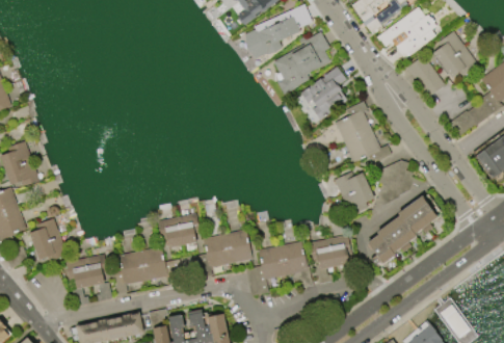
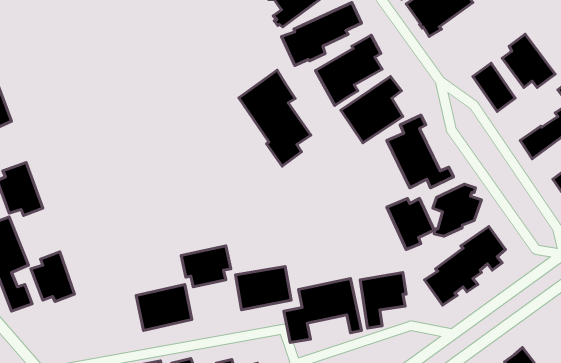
building: [376,7,436,58] -> none
building: none -> [239,70,311,166]
building: [65,255,112,306] -> none

